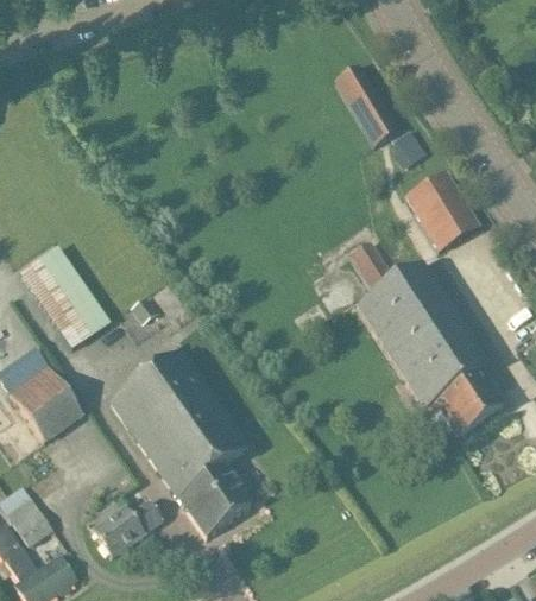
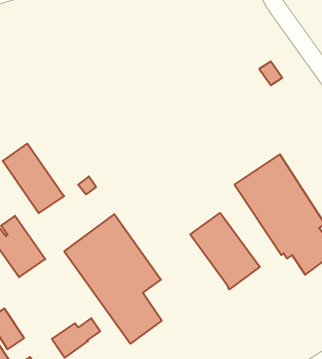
building: [334,64,398,144] -> none
building: [405,172,478,251] -> none
building: [349,241,391,287] -> none
building: none -> [190,213,260,289]

